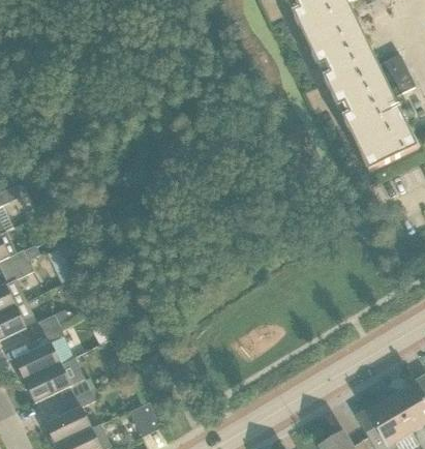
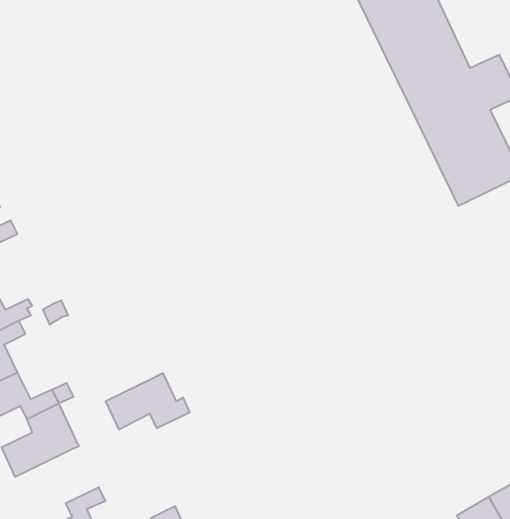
building: [25,359,90,402] -> [106,373,190,429]

